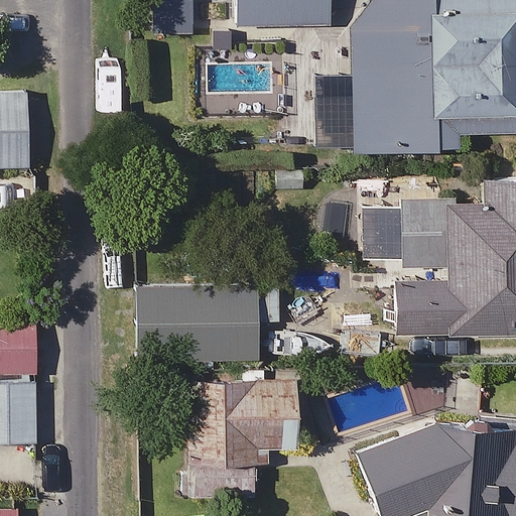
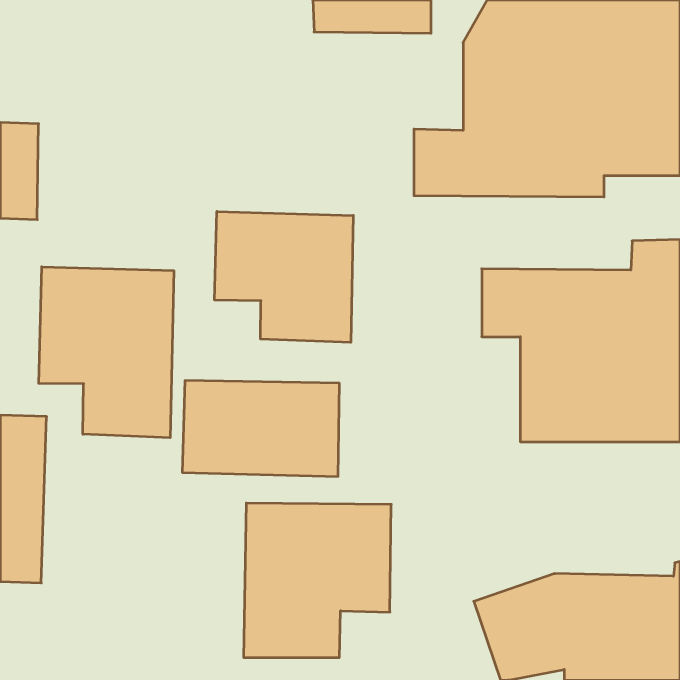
building: none -> [215,211,353,342]
building: none -> [39,267,174,438]

